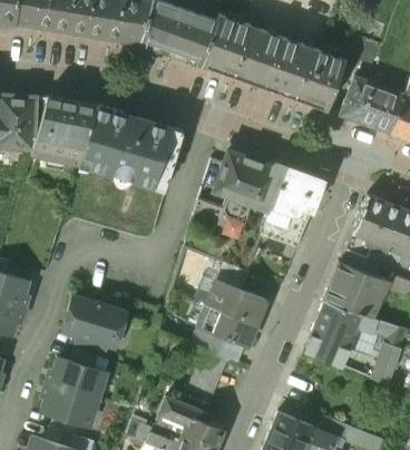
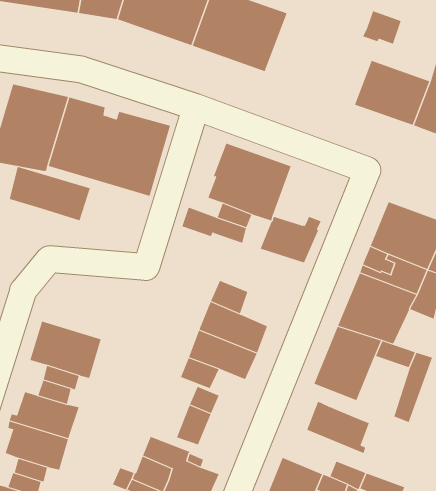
building: [263,37,344,110] -> none
building: [270,167,323,217] -> none
building: none -> [9,166,90,221]
building: none -> [307,401,369,454]

